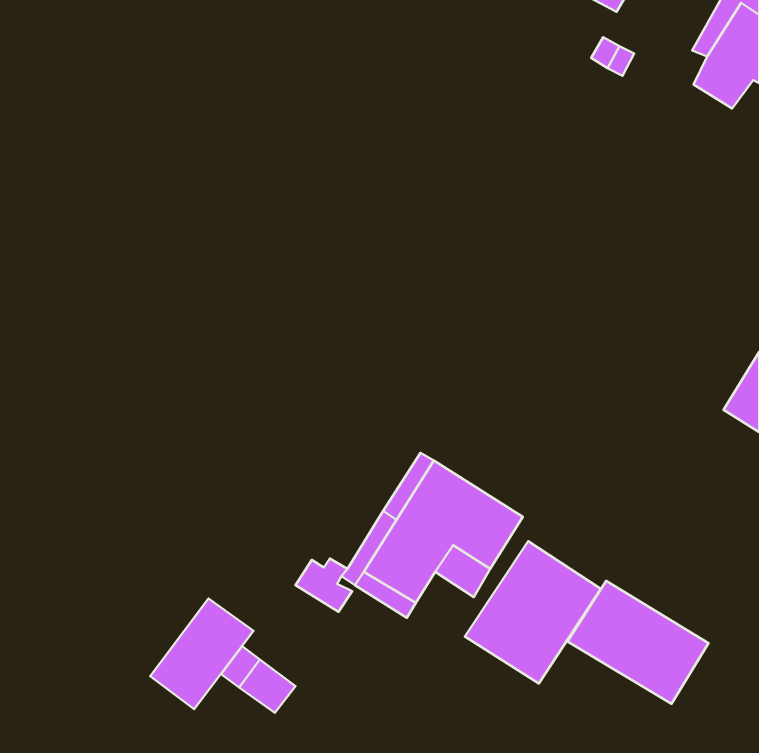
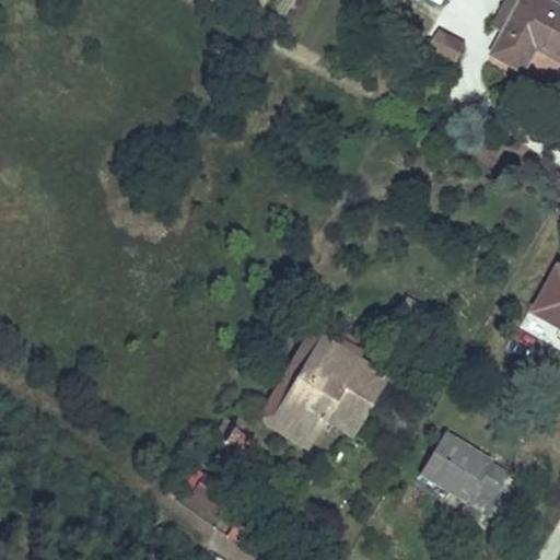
building: [465,541,601,684] -> none
building: [150,598,254,709] -> none

